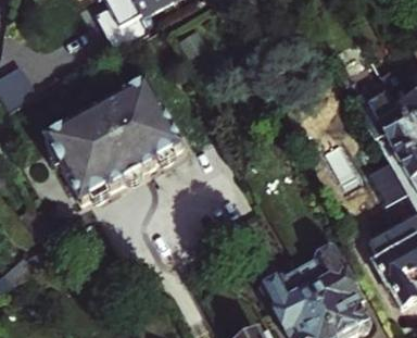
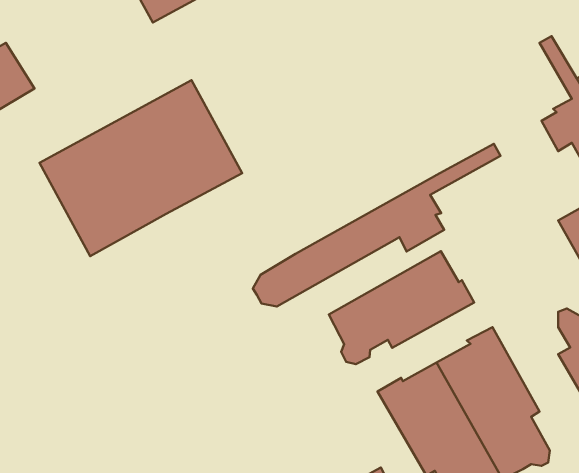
building: none -> [253,144,500,306]
building: none -> [329,251,474,364]

